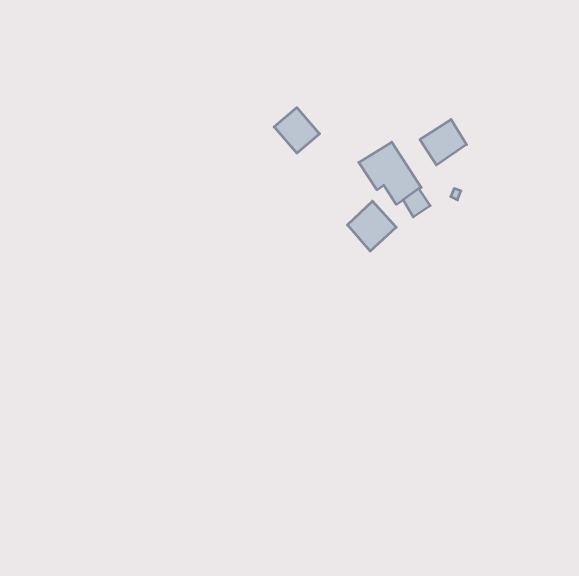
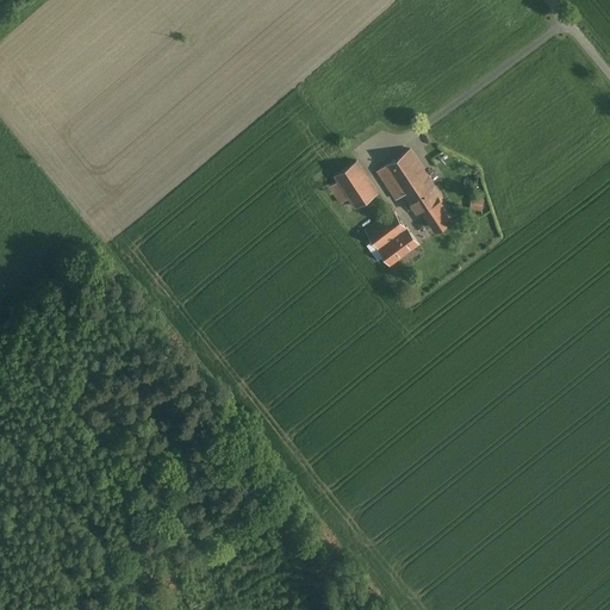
building: [274,108,320,153] -> [325,166,373,213]
building: [420,119,467,165] -> none

